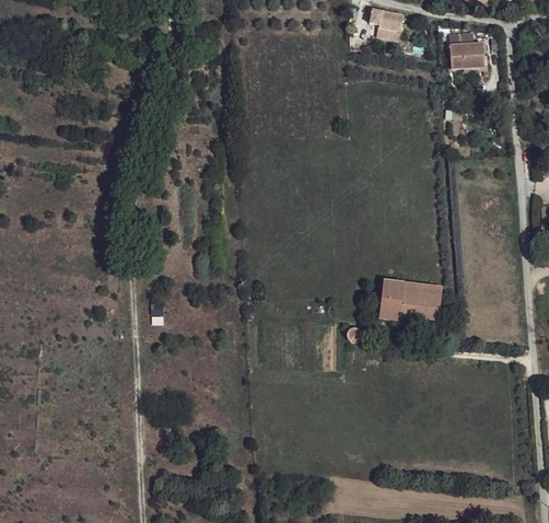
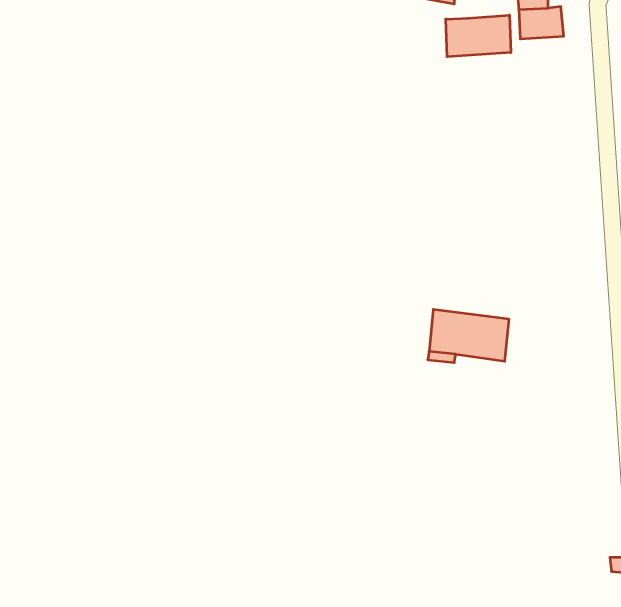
building: none -> [446,15,511,57]

